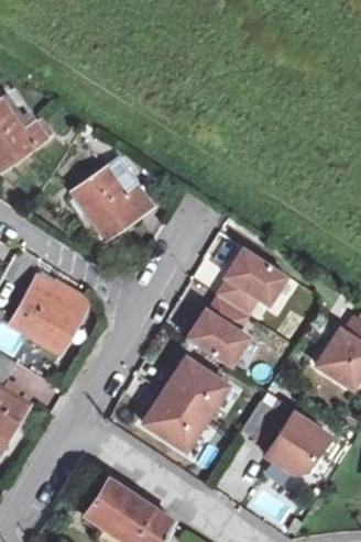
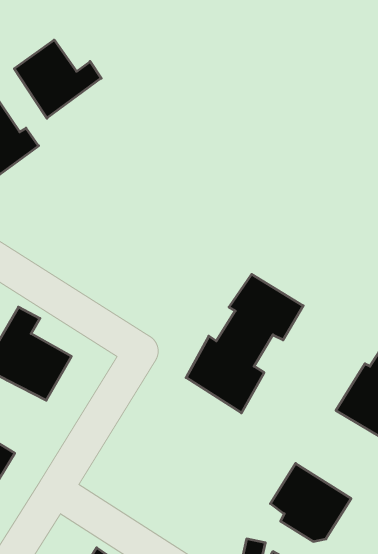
building: none -> [14,40,101,118]
building: [68,155,155,242] -> none
building: [140,352,229,450] -> none

